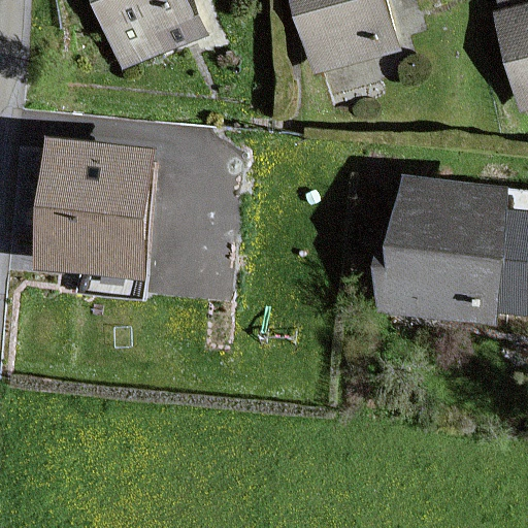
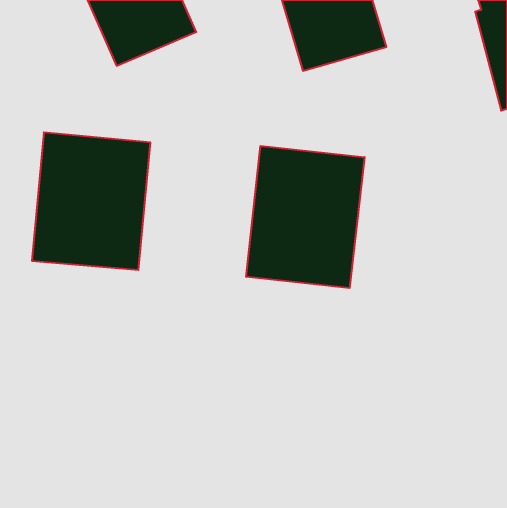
building: none -> [246,146,365,288]
building: [382,171,521,323] -> none

